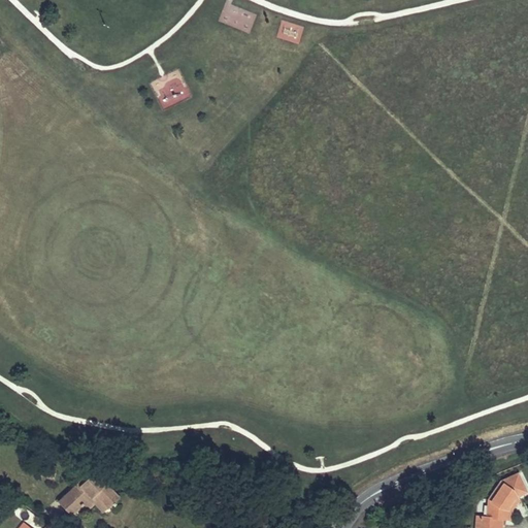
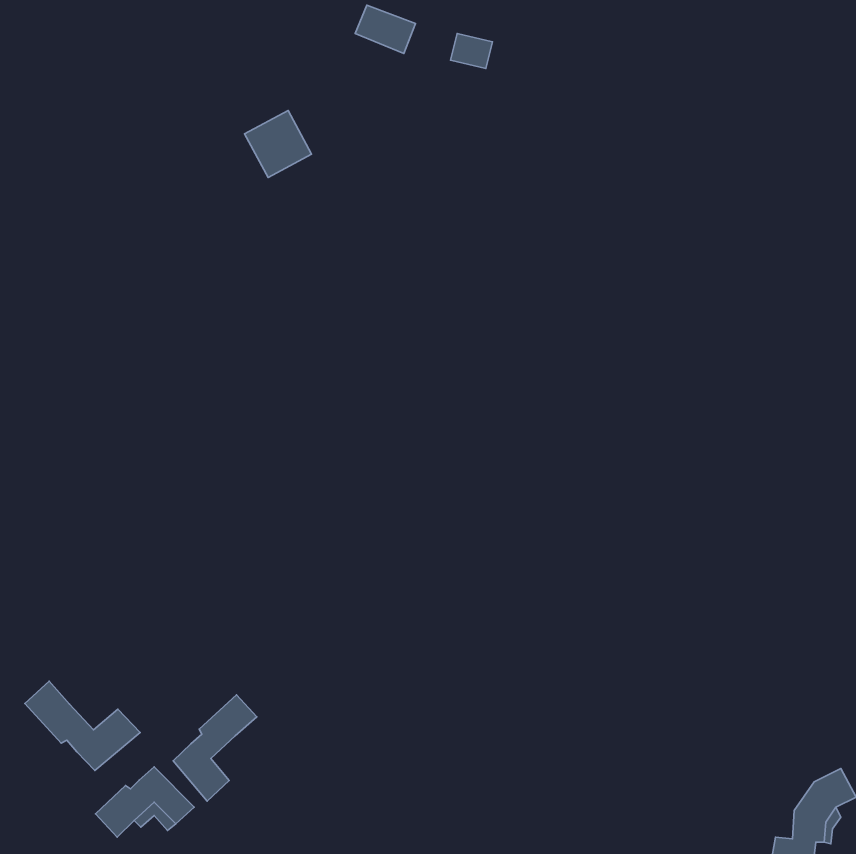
building: none -> [25,681,140,771]
building: none -> [173,695,257,801]

